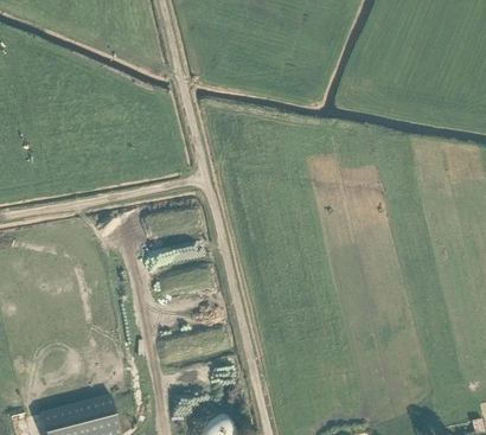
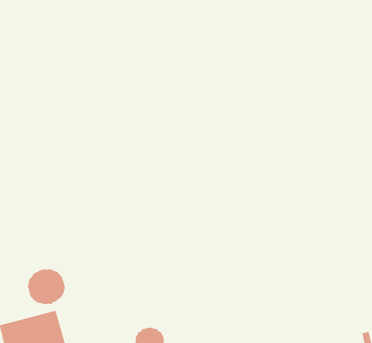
building: none -> [27,268,65,305]

